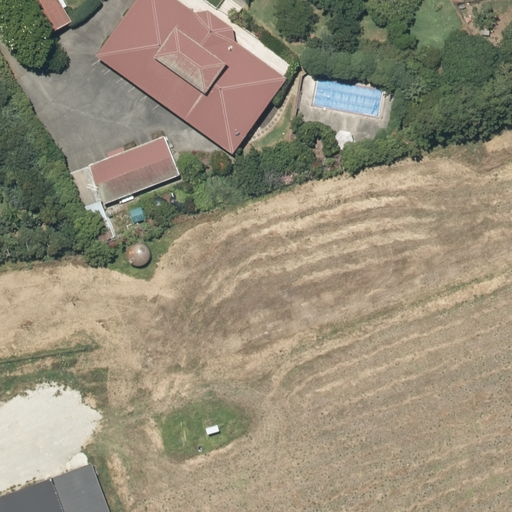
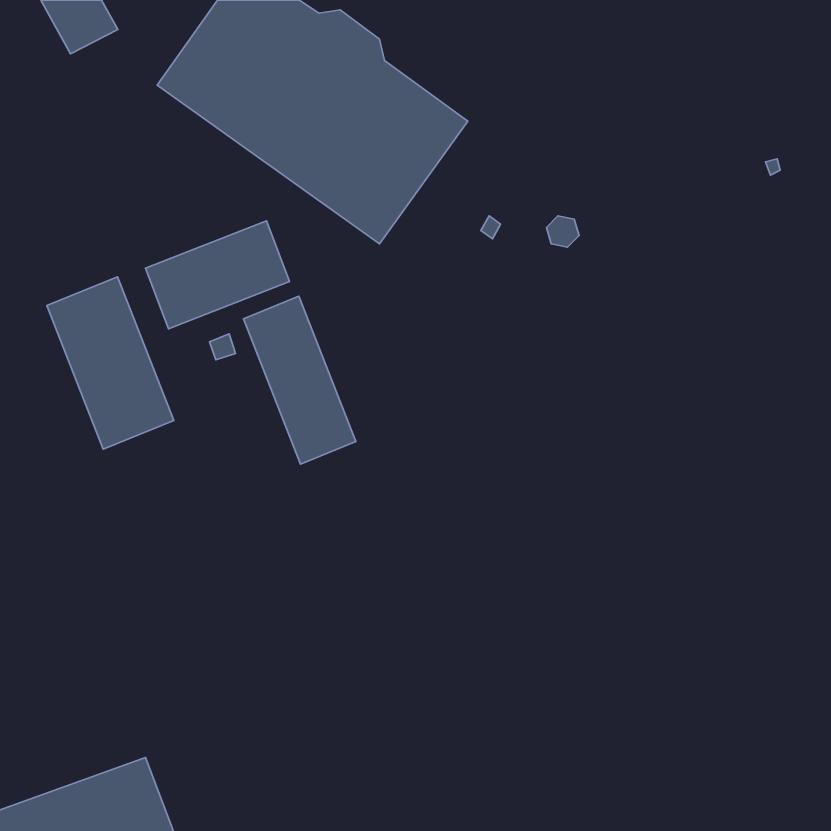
building: none -> [47,277,174,449]
building: none -> [244,296,356,464]

